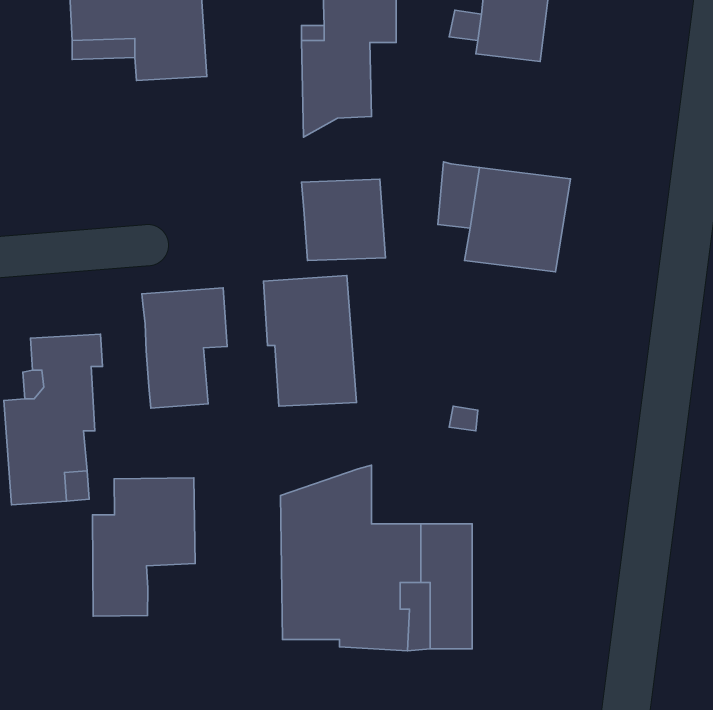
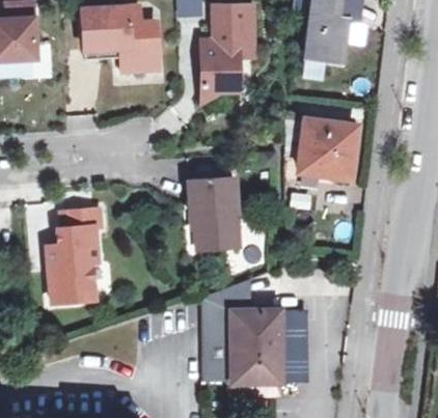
building: [302,179,386,261] -> none
building: [142,288,227,408] -> none
building: [92,478,195,616] -> none

